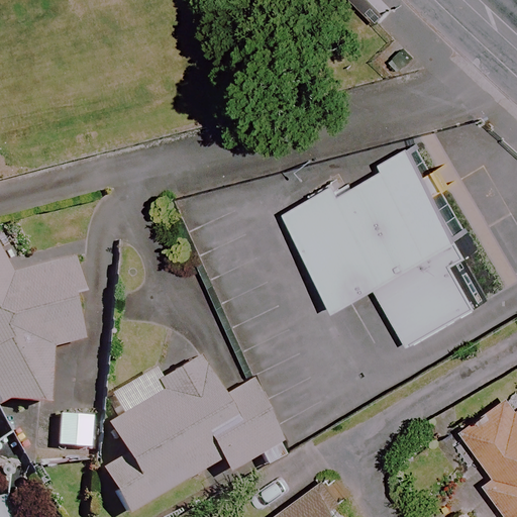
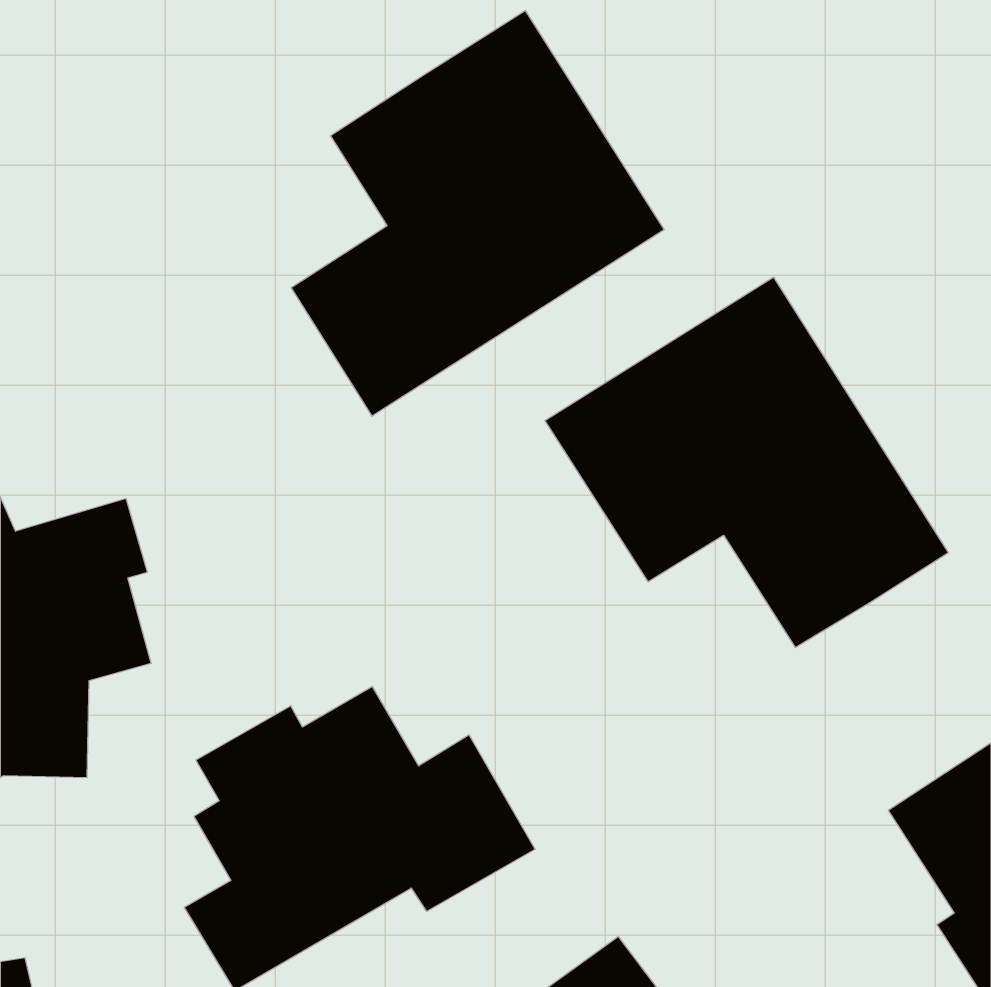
building: none -> [291,11,664,416]

